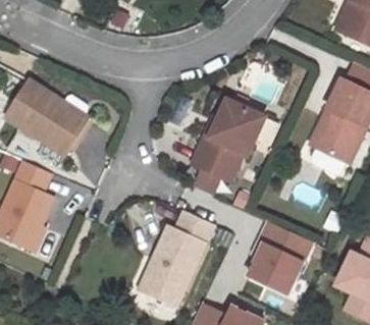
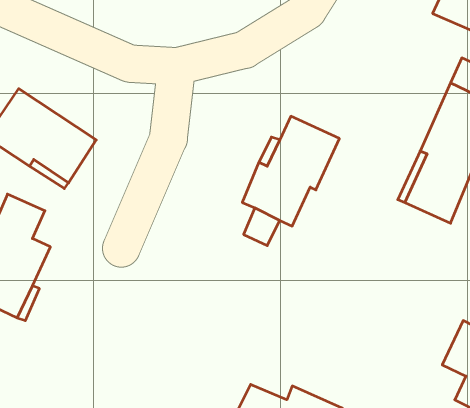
building: [146,216,218,311] -> none
building: [246,219,314,292] -> none

